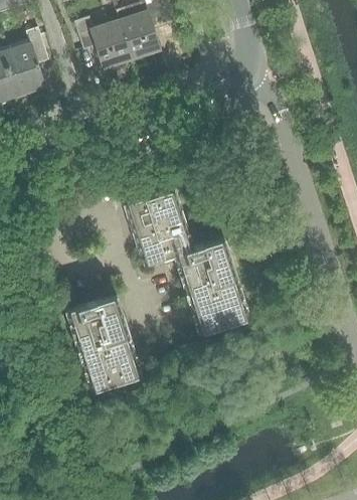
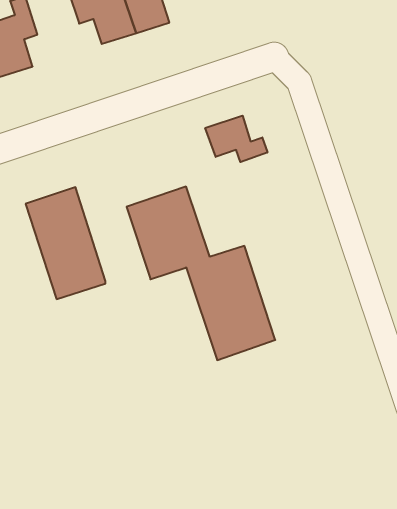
building: none -> [205,116,267,162]
building: [69,297,137,391] -> [26,187,105,299]

